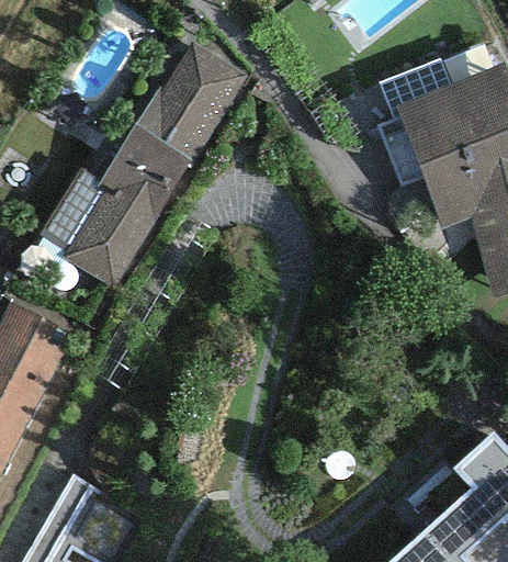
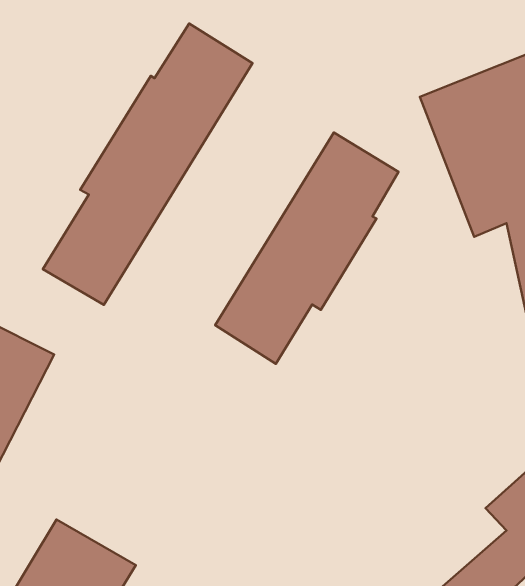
building: none -> [215,133,399,364]

